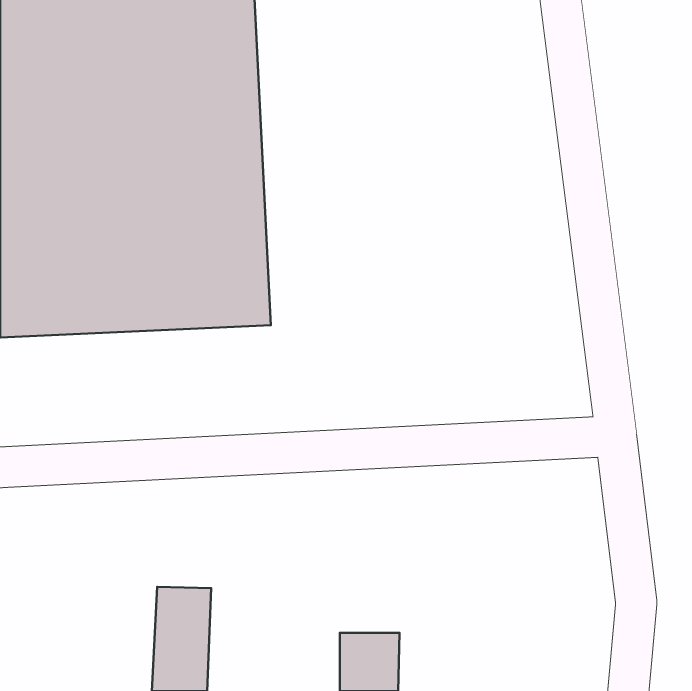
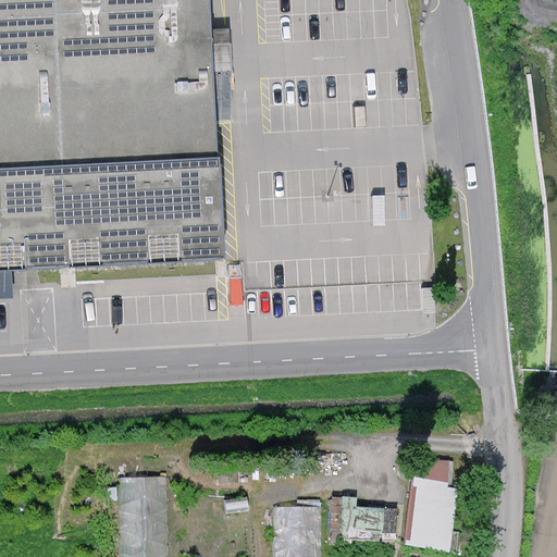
building: none -> [400,455,457,550]
building: none -> [329,497,396,535]

